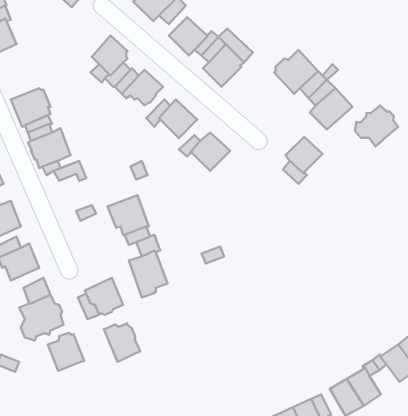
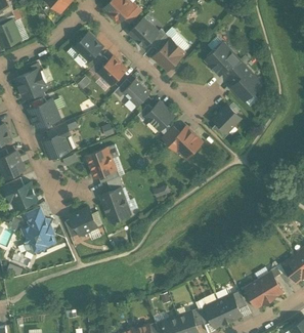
building: [355,105,398,147] -> none
building: none -> [162,126,202,158]
building: none -> [43,132,71,158]
building: [104,323,140,362] -> none
building: [48,333,84,371] -> none

